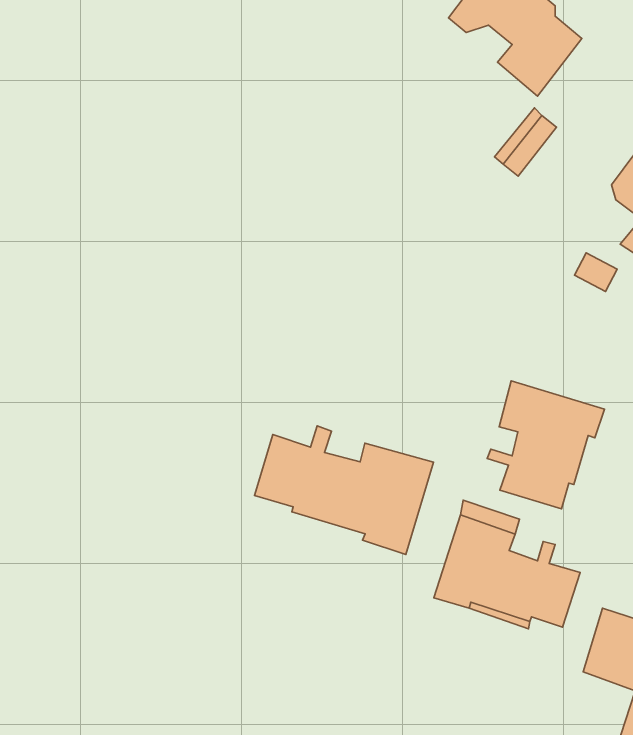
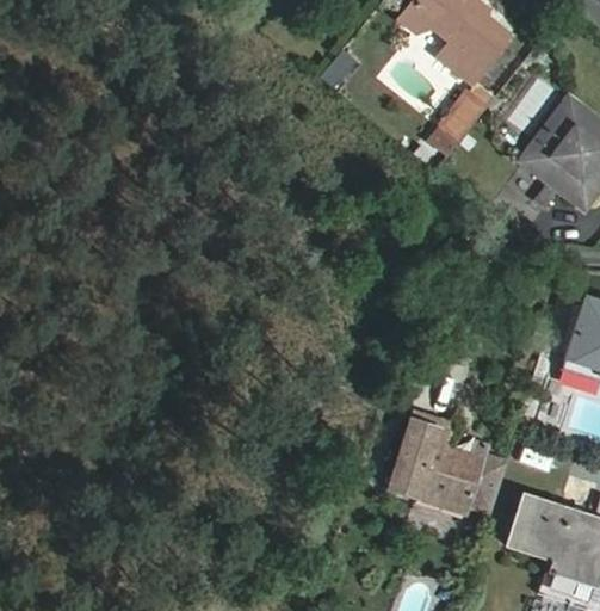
building: [487,381,605,509] -> none
building: [255,426,434,554] -> none

